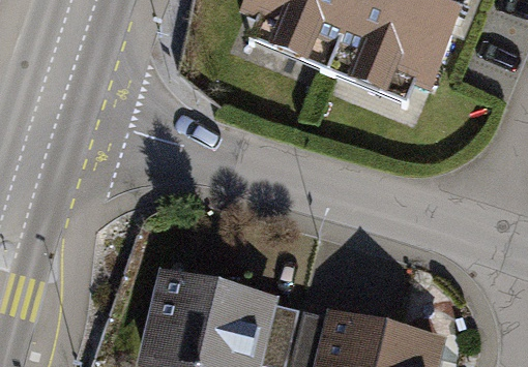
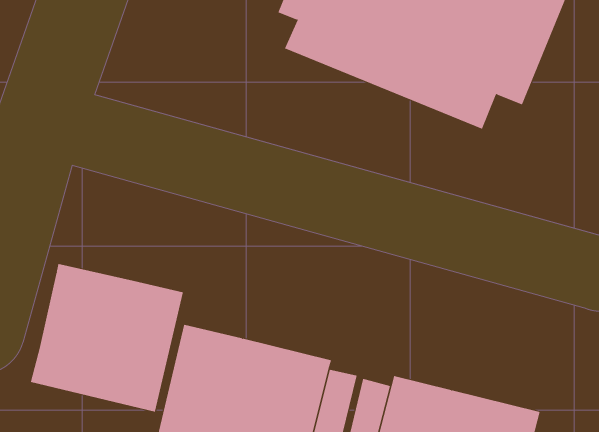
building: none -> [30,263,184,412]

